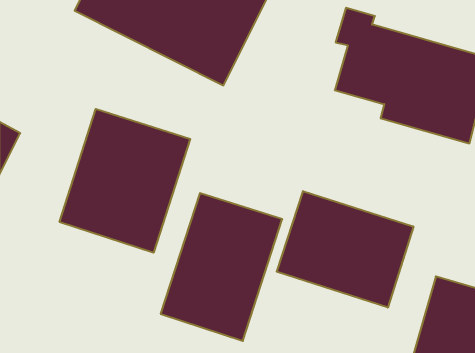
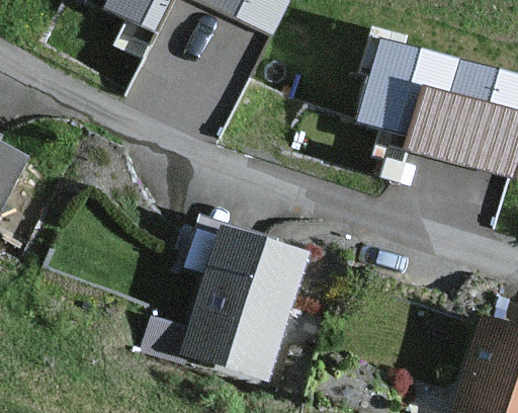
building: [60,109,190,253] -> none
building: [277,191,413,308] -> none

